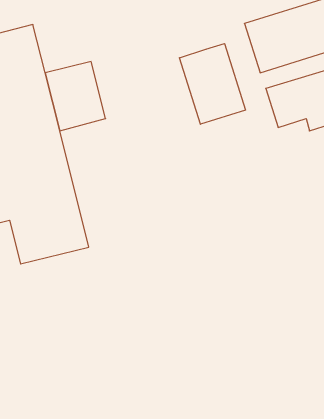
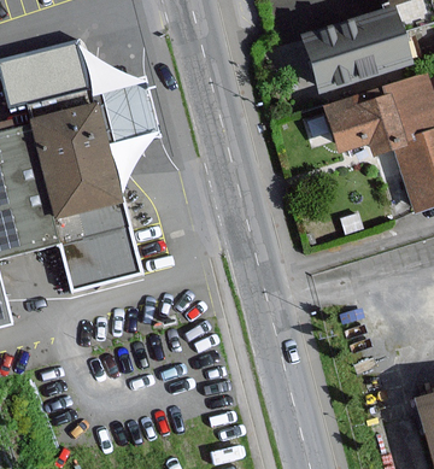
building: [179,44,245,124] -> none

